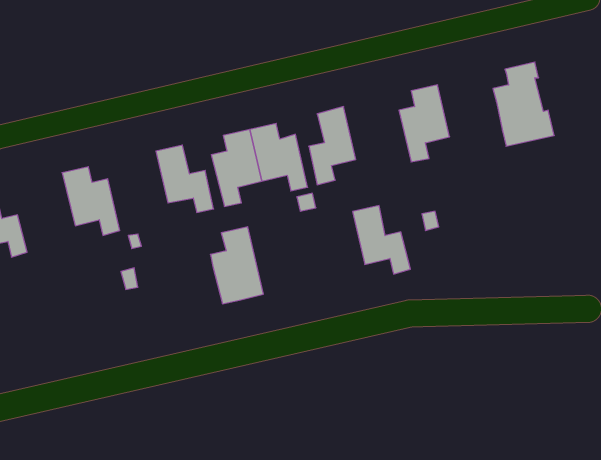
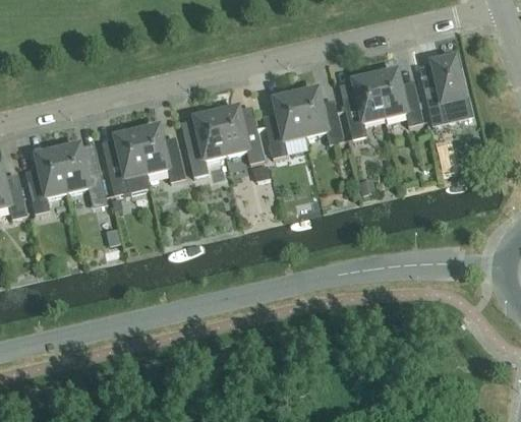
building: none -> [373,67,422,124]
building: none -> [26,146,67,212]
building: [353,206,410,274] -> [294,85,343,143]
building: [210,227,263,304] -> [104,128,149,193]

